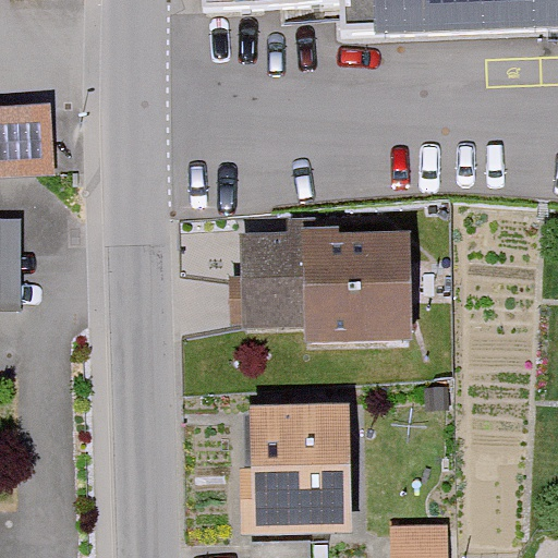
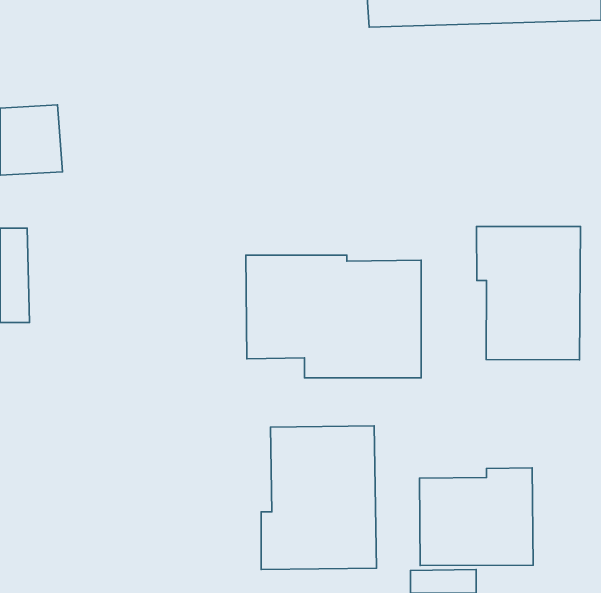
building: none -> [476,227,580,360]
building: none -> [419,468,533,565]

